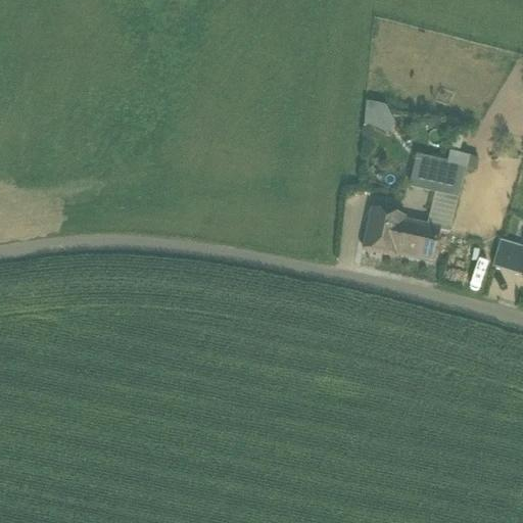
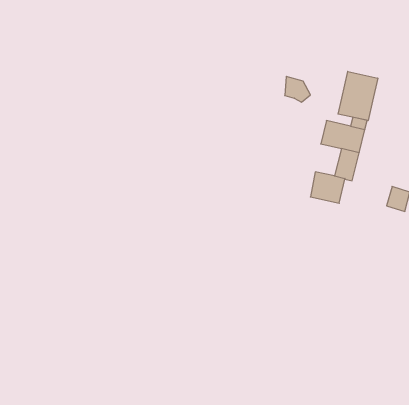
building: none -> [338,71,378,121]
building: [364,206,403,253] -> none

